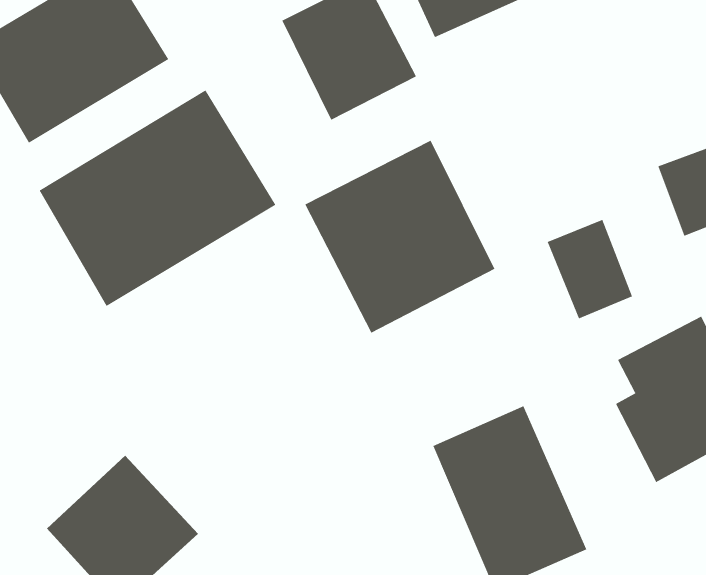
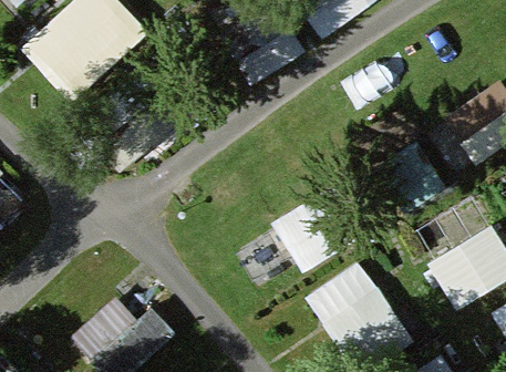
building: [39,89,276,307] -> none
building: [305,140,495,333] -> none

